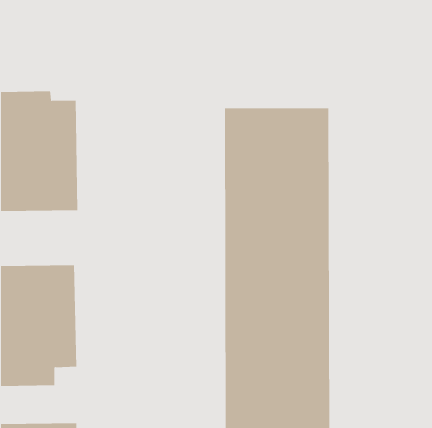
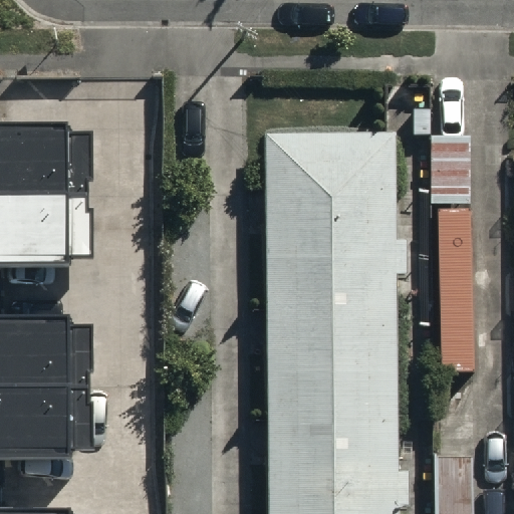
building: none -> [413,153,471,395]

